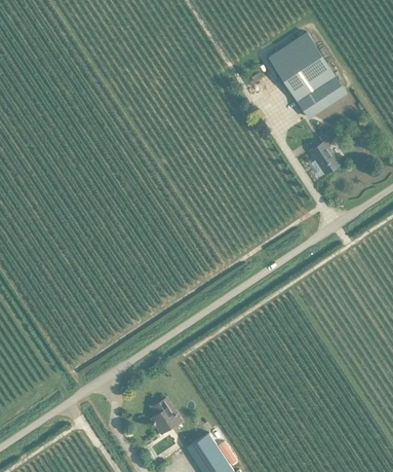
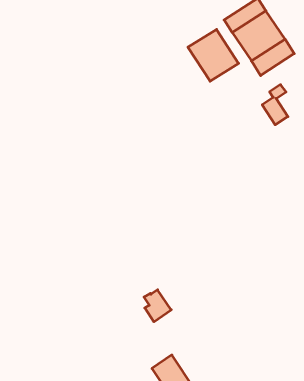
building: none -> [188,29,239,81]
building: [151,399,182,435] -> [144,290,171,322]

